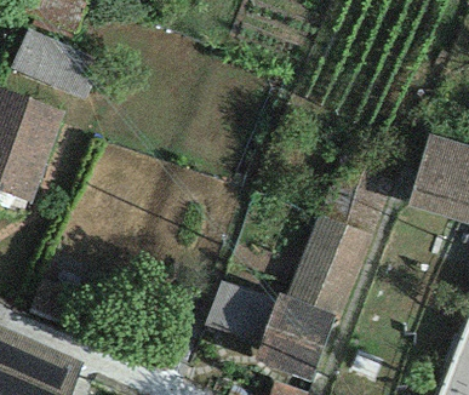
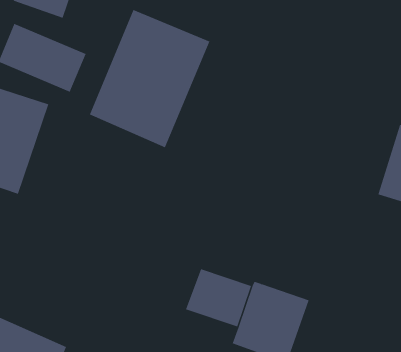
building: none -> [89,9,210,148]
building: [285,213,373,317] -> none

